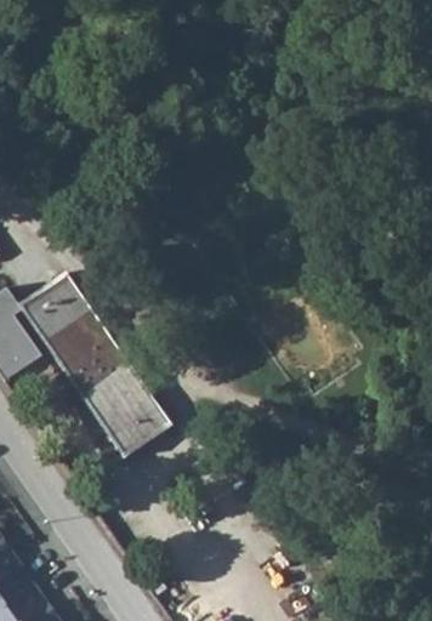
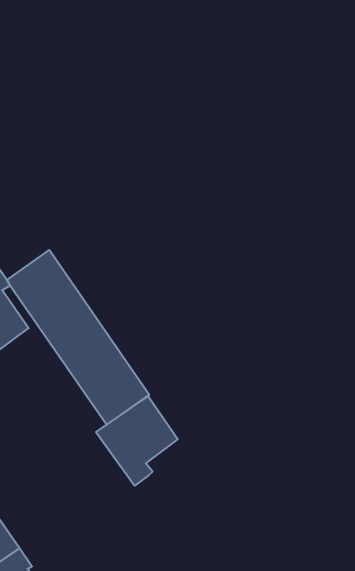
building: none -> [96,396,178,486]

